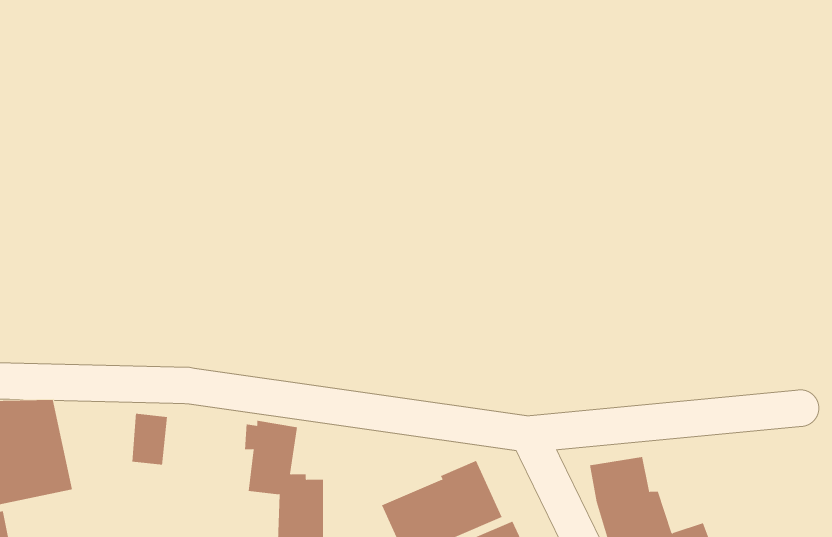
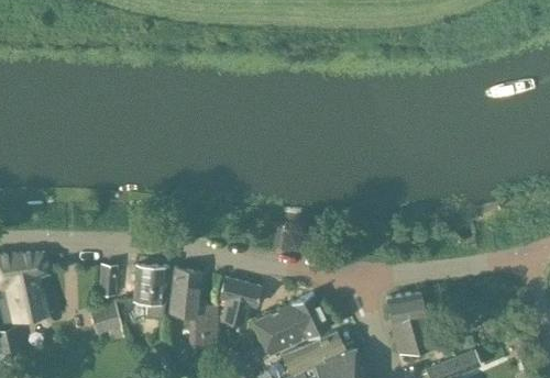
building: none -> [134,267,168,321]
building: none -> [222,278,262,326]
building: none -> [89,303,122,336]

